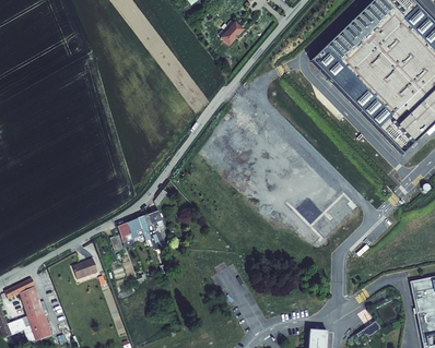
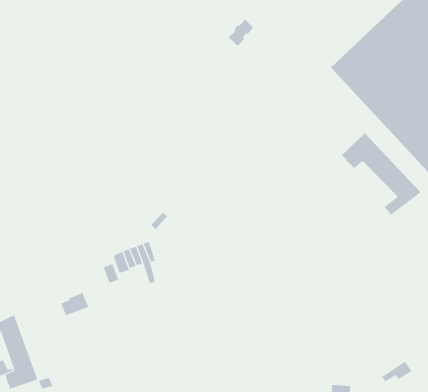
building: none -> [341,132,421,215]

